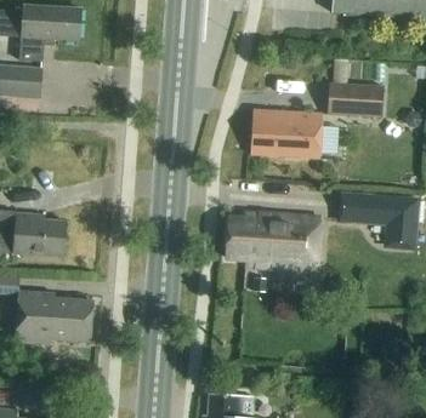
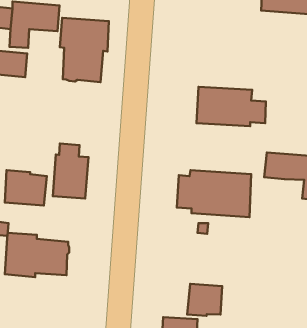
building: none -> [60,18,109,82]
building: [326,81,381,115] -> none
building: none -> [53,144,88,199]
building: none -> [187,284,222,316]

